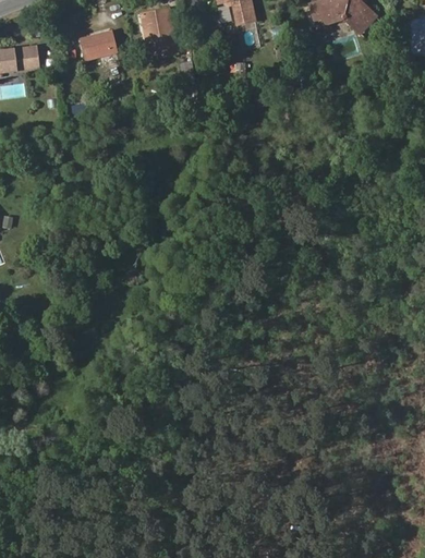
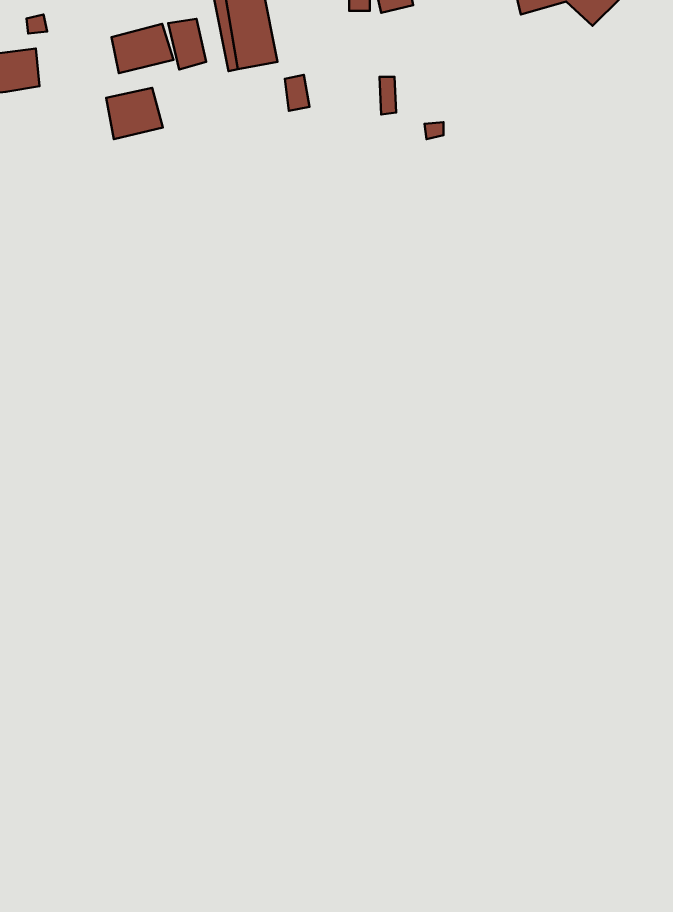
building: none -> [168,19,206,69]
building: none -> [106,88,163,139]

